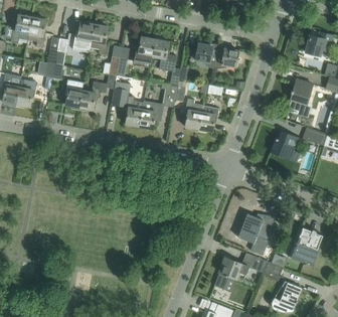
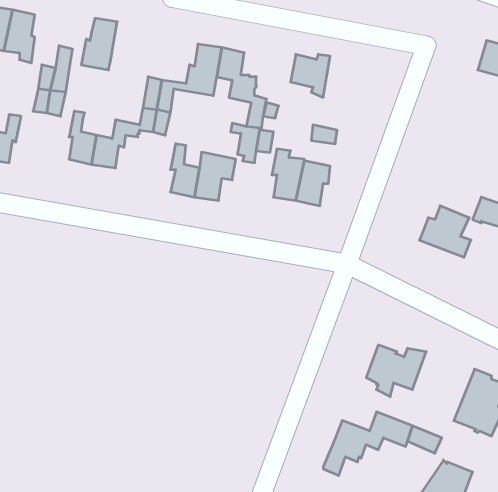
building: [90,24,108,55] -> none
building: [214,44,238,68] -> none
building: [289,81,312,115] -> none

